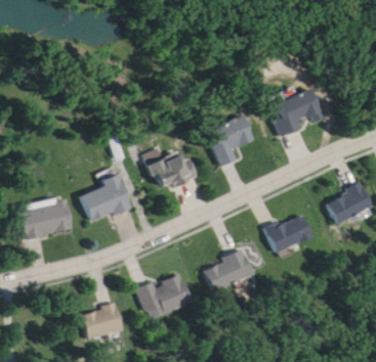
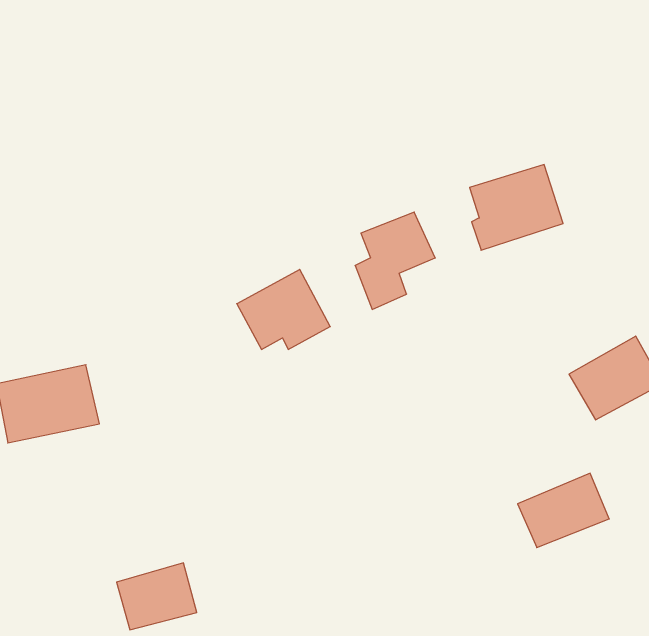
building: [81,174,131,223] -> none
building: [265,214,315,254] -> [518,473,609,548]
building: [204,250,255,293] -> none
building: [137,274,193,313] -> none

